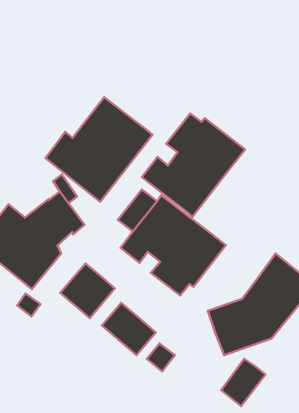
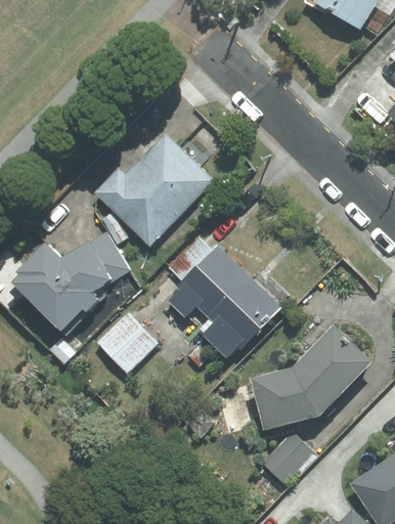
building: [142,113,245,217] -> none
building: [102,303,156,355] -> none

